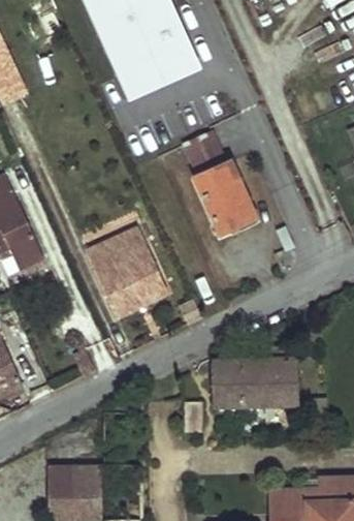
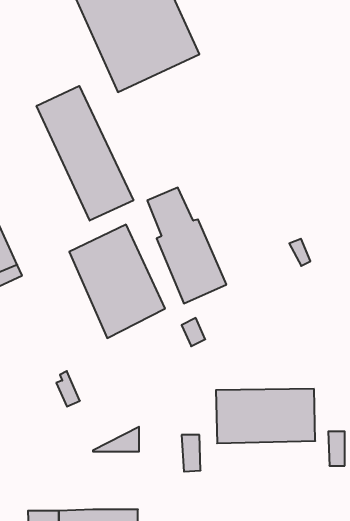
building: none -> [37,86,133,221]
building: [189,133,258,235] -> [147,188,226,303]

